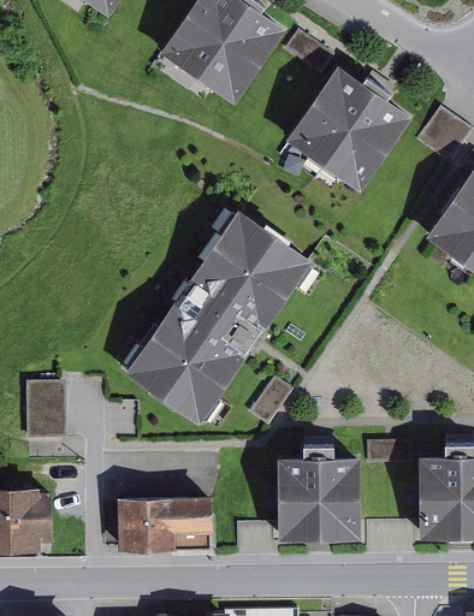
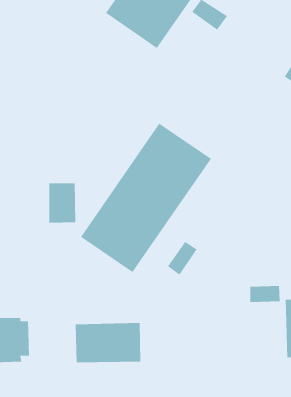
building: [285,64,413,190] -> none
building: [26,383,66,440] -> [49,183,76,223]
building: [277,450,361,547] -> none

